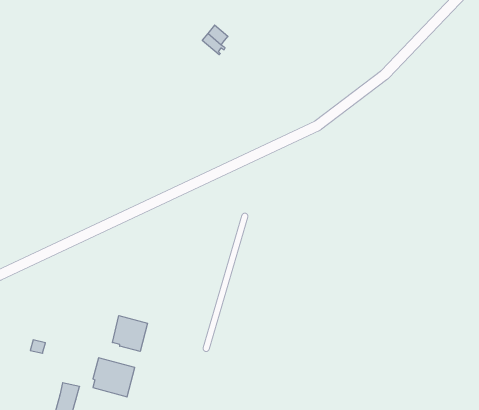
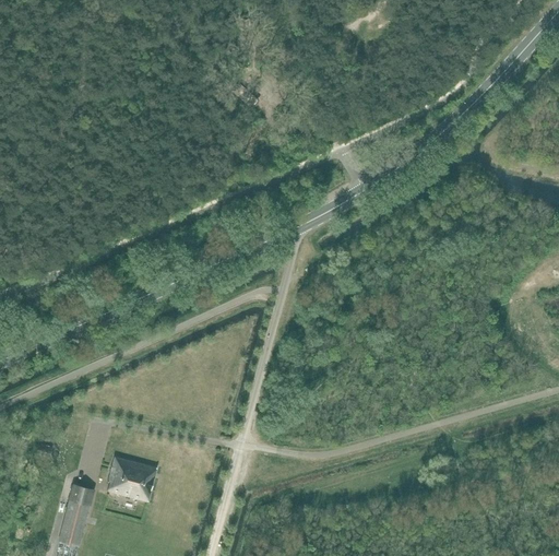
building: [112,316,147,351] -> none

